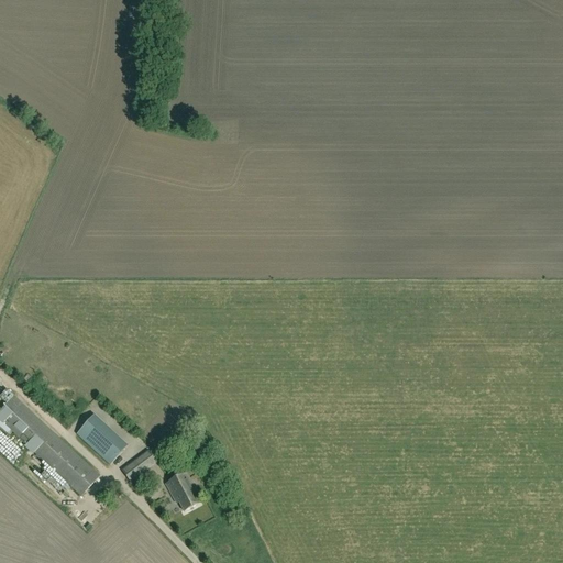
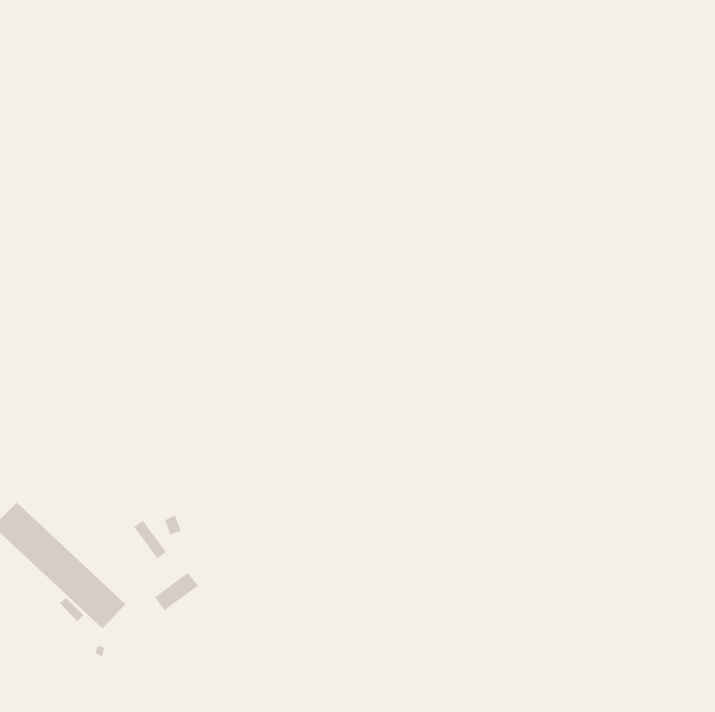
building: [76,416,124,462] -> none
building: [165,470,198,509] -> none

